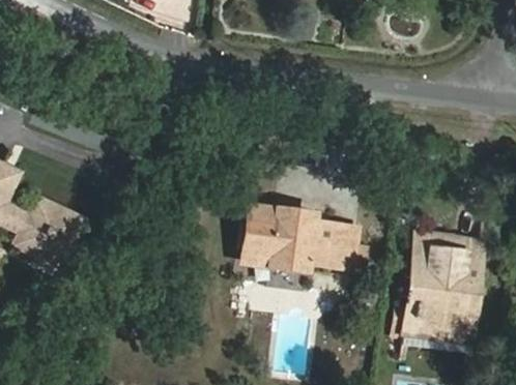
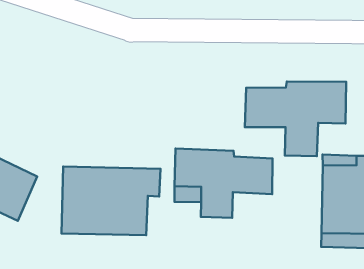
building: none -> [245,82,346,156]
building: none -> [62,167,160,235]

